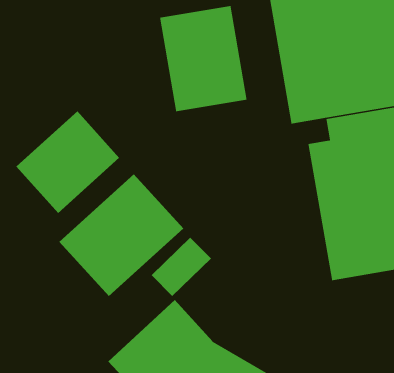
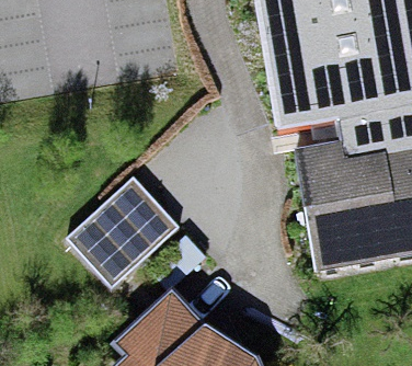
building: [159,5,248,112] -> none
building: [16,111,120,214] -> none

